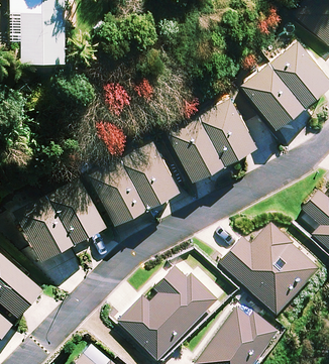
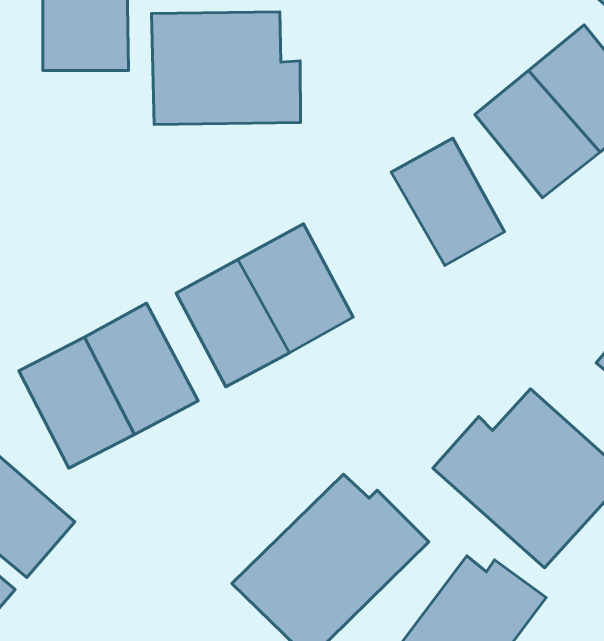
building: none -> [152,12,300,124]
building: [167,113,226,178] -> none

